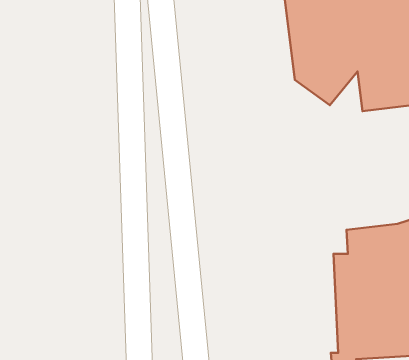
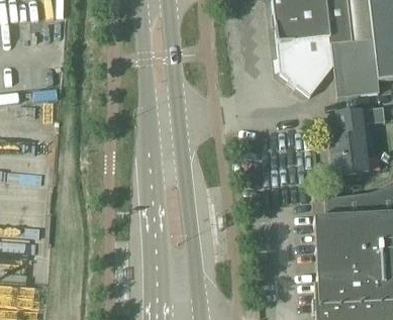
building: none -> [332,109,371,176]

